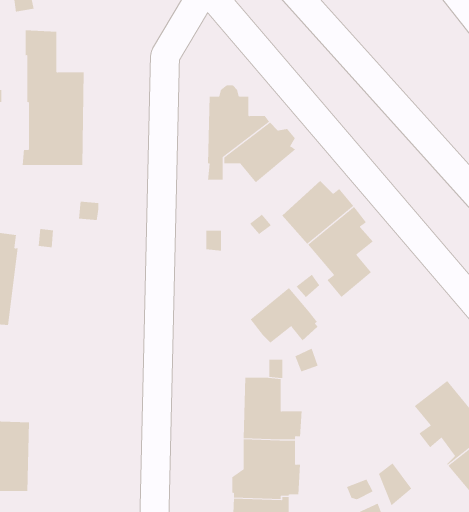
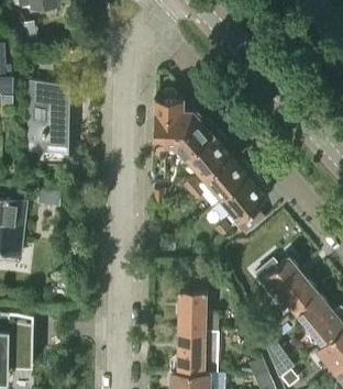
building: none -> [187,132,231,180]
building: [250,287,318,343] -> none
building: none -> [266,257,318,310]

